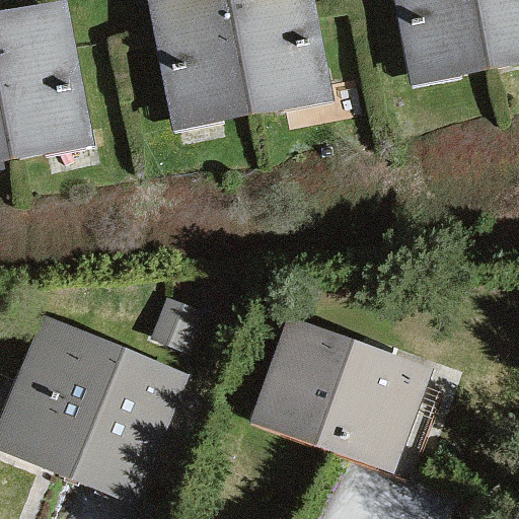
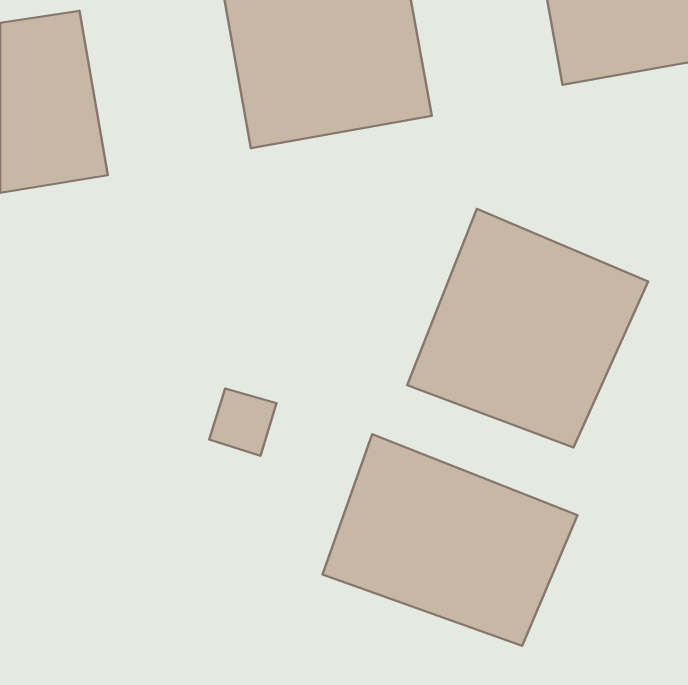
building: none -> [407,209,648,448]
building: [9,324,180,481] -> none

